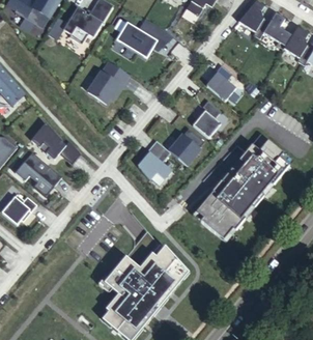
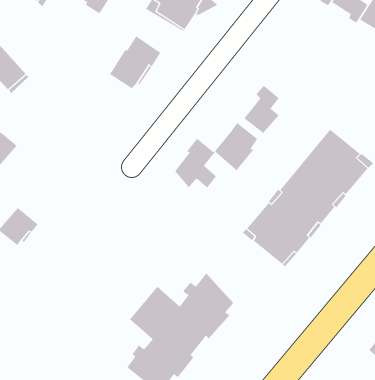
building: [205,64,240,100] -> none
building: [34,124,68,159] -> none
building: [15,150,61,195] -> none

